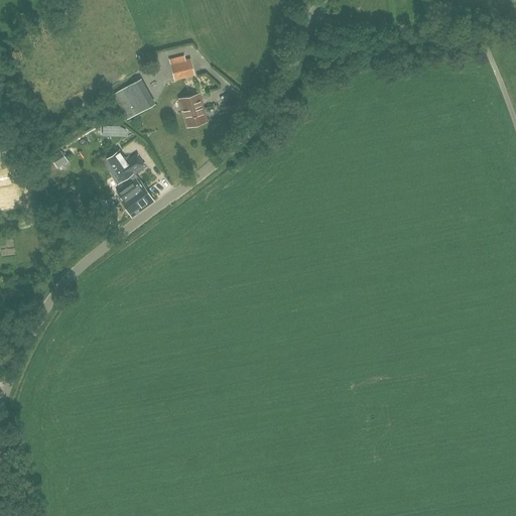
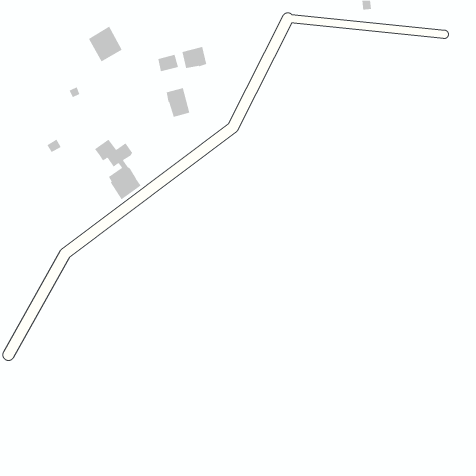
building: none -> [182,46,207,69]
building: [113,81,150,120] -> [88,26,123,62]

